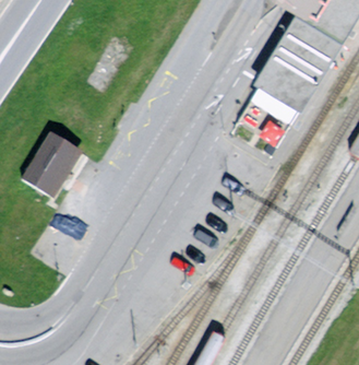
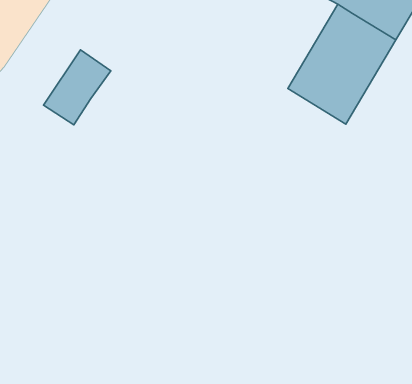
building: [24,132,80,195] -> [44,50,111,125]

